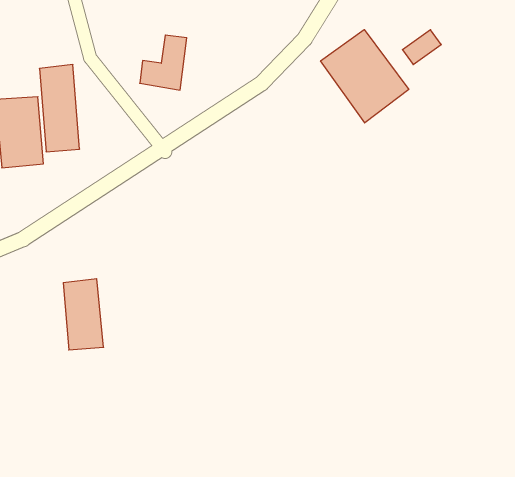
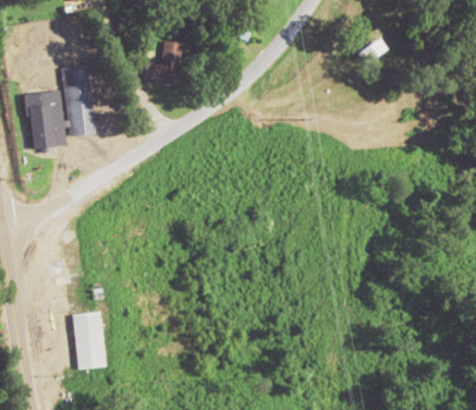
building: [321,30,409,123] -> none
building: [63,279,104,350] -> [73,311,106,369]

